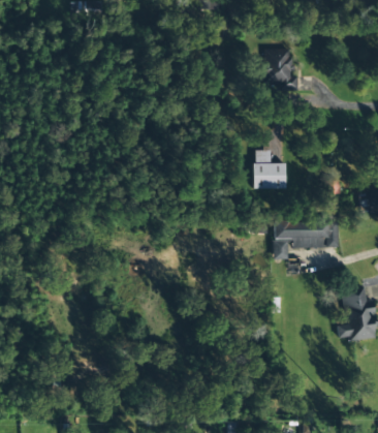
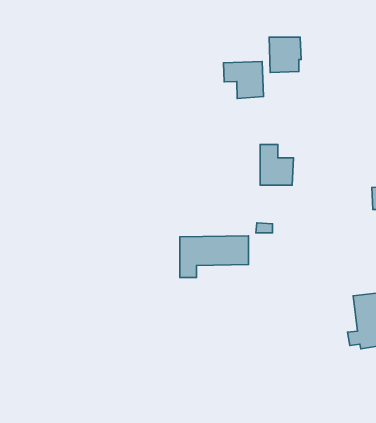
building: none -> [224,61,263,98]
building: [274,221,338,260] -> [180,236,249,278]

